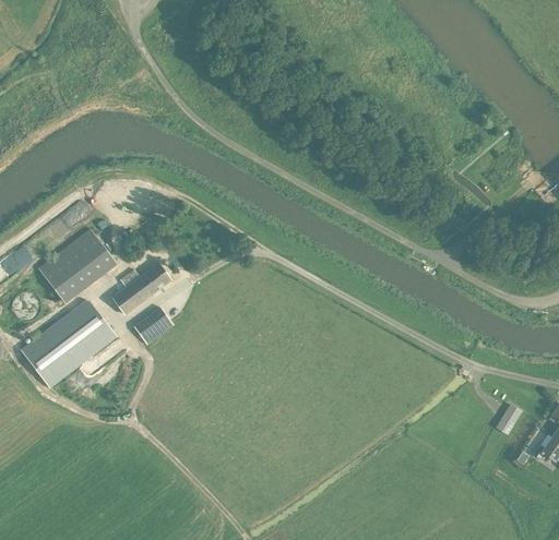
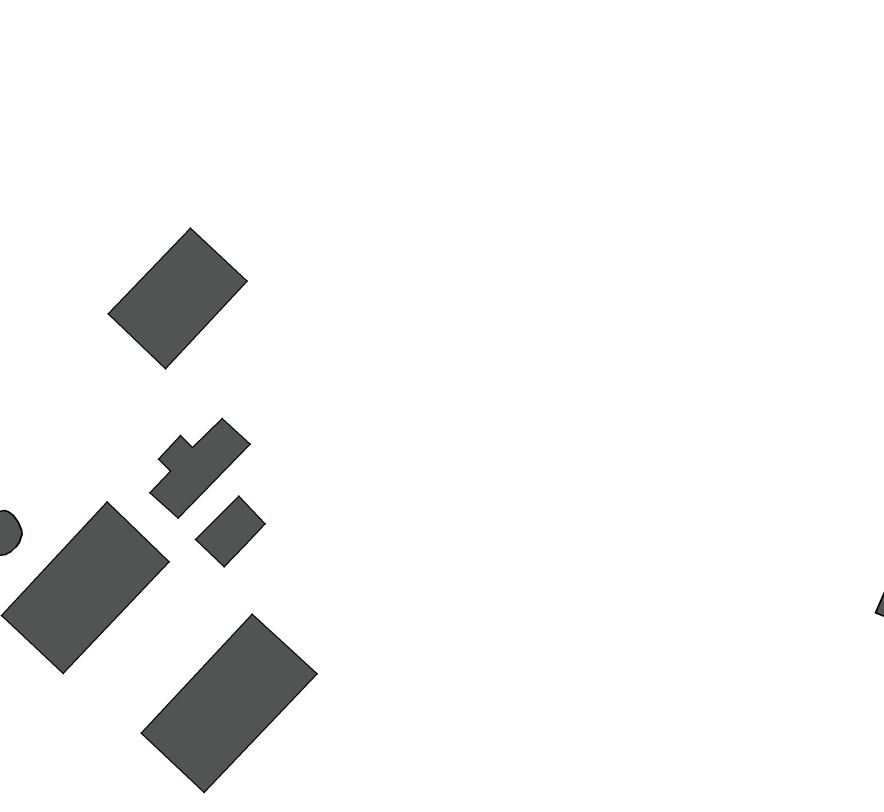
building: [39,228,118,302] -> [108,228,247,369]
building: none -> [141,614,317,792]

